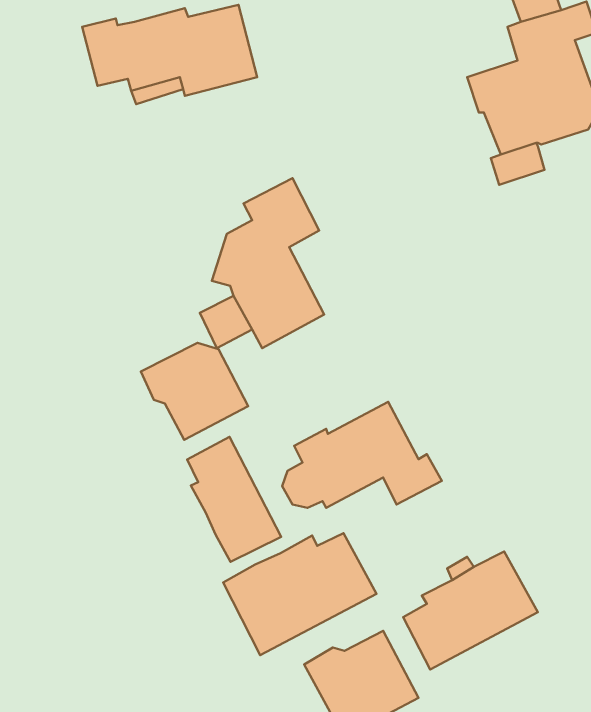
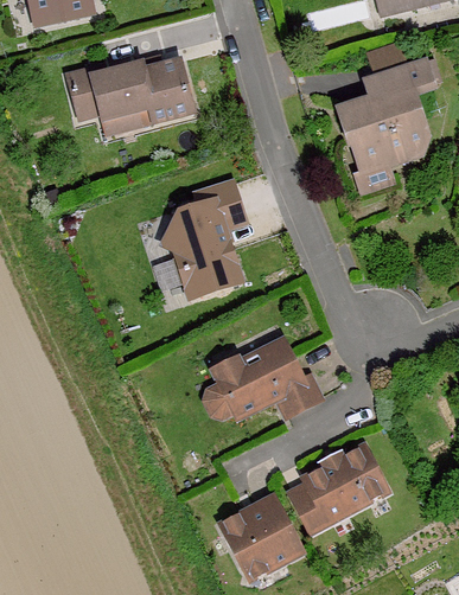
building: [141,343,248,440] -> none
building: [187,437,281,562] -> none
building: [223,533,376,655] -> none

